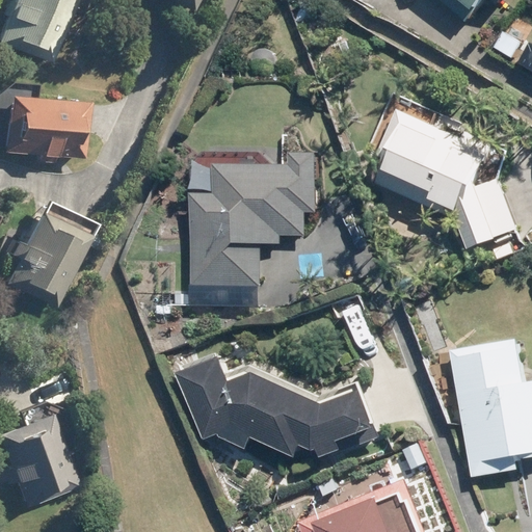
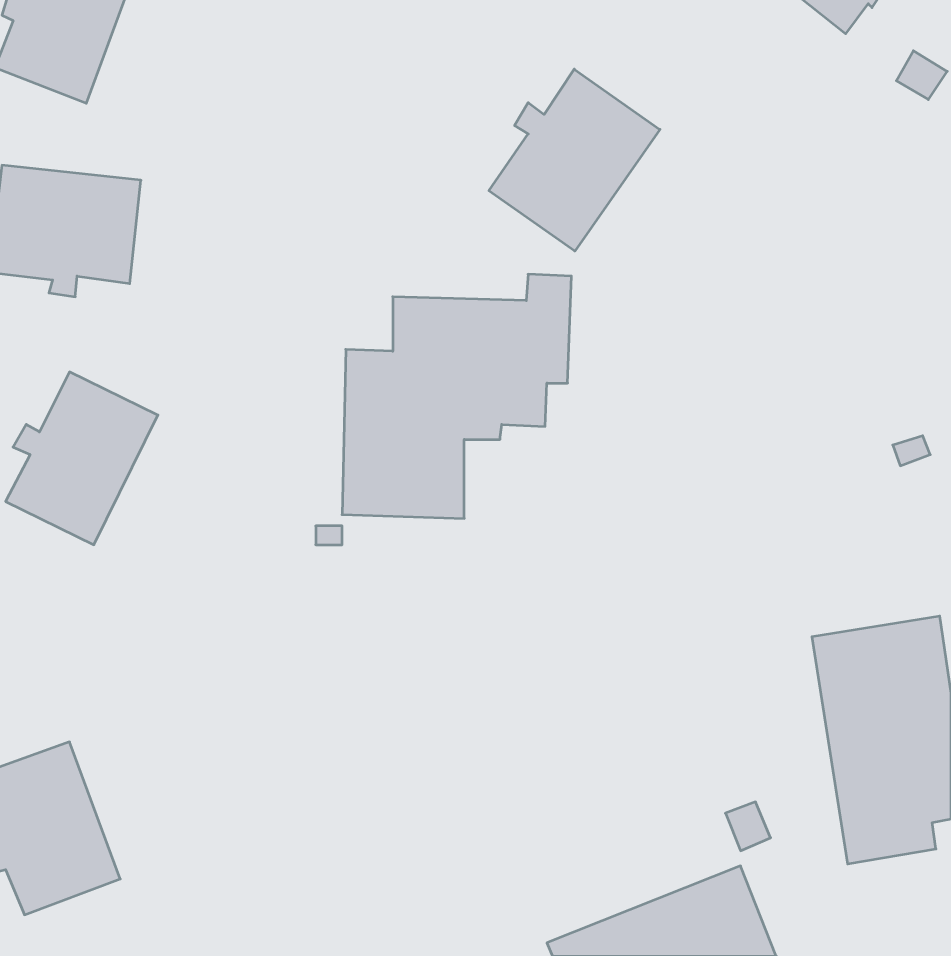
building: none -> [489,69,660,251]
building: [375,112,514,249] -> none
building: [181,358,379,456] -> none

